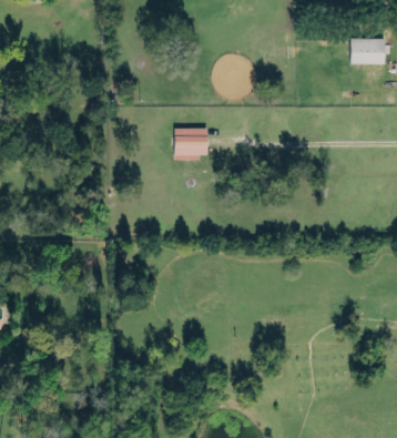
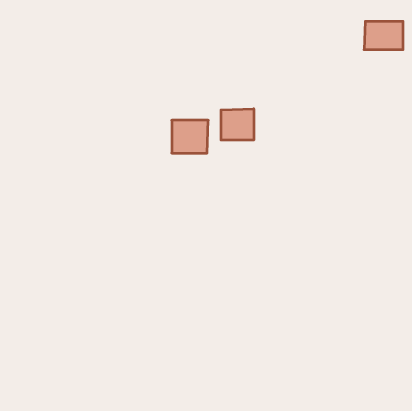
building: none -> [221,109,254,140]

